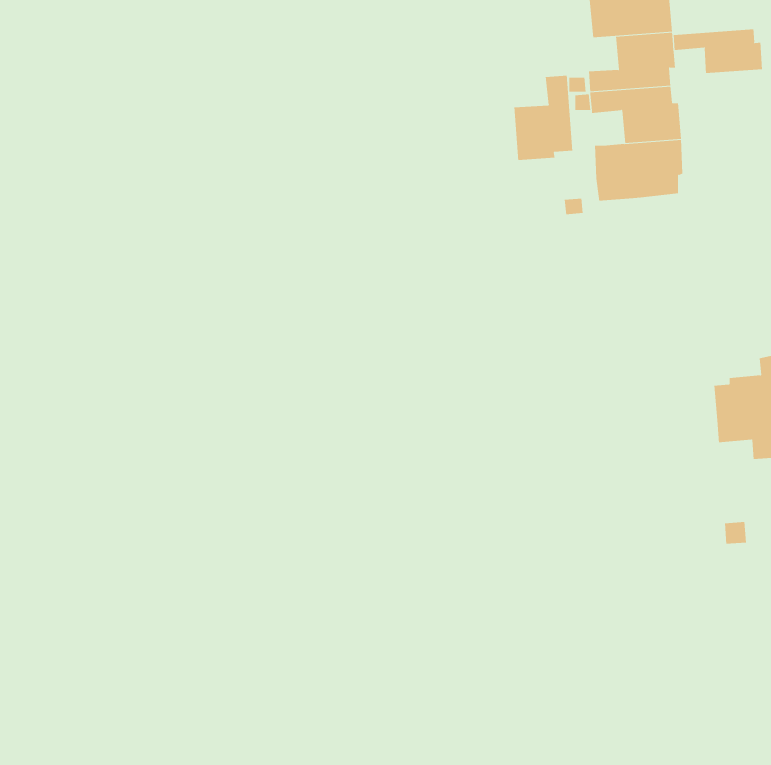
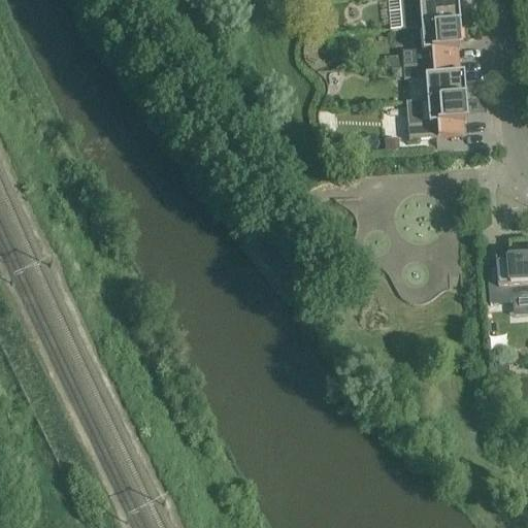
building: [673,28,762,74] -> none
building: [514,75,573,161] -> none

